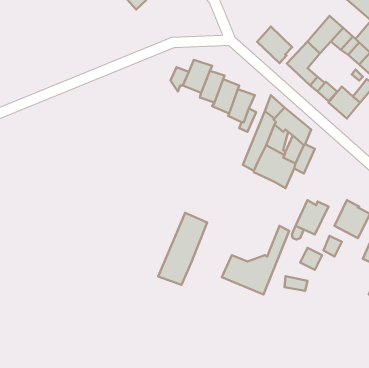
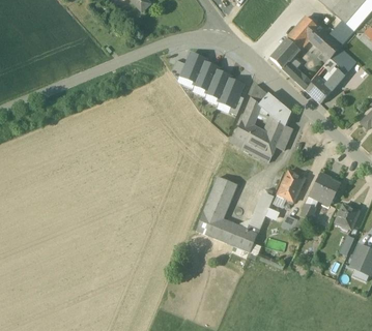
building: [257,27,292,63] -> none
building: [158,213,207,285] -> [195,176,236,237]

